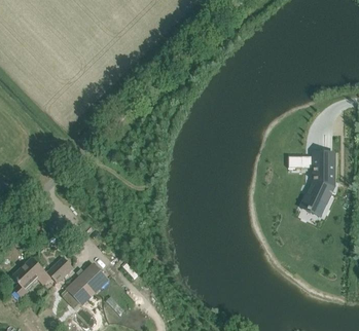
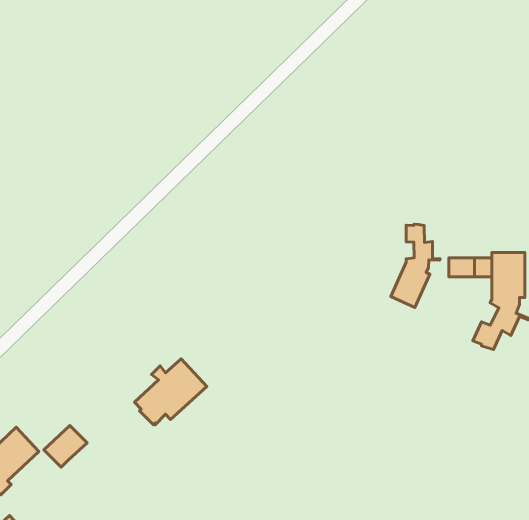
building: none -> [391,224,440,307]
building: [66,262,109,301] -> [134,359,207,425]

